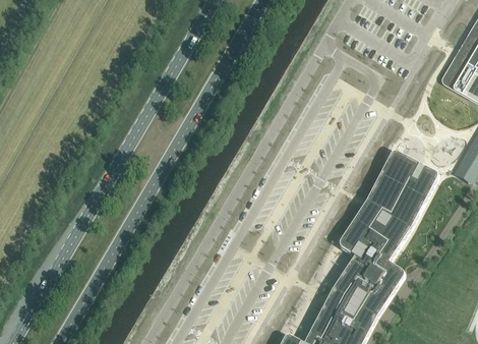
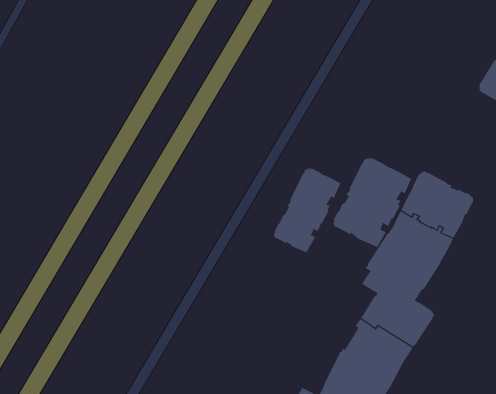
building: none -> [333,157,412,248]
building: none -> [273,168,341,253]

